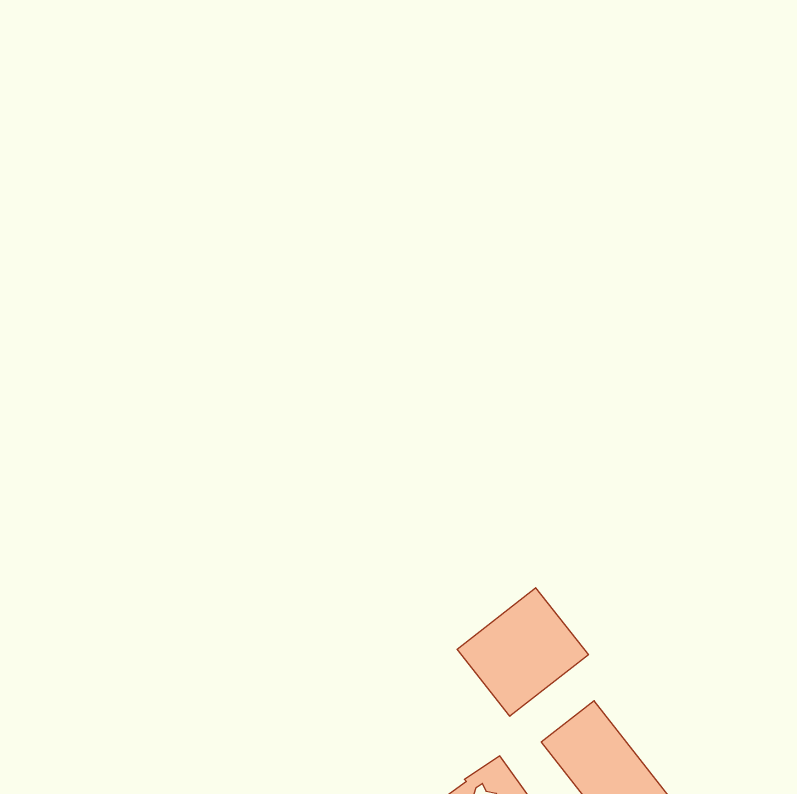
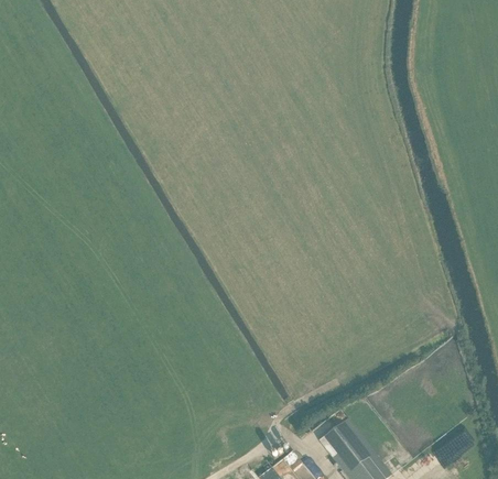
building: [457,588,588,716] -> none

